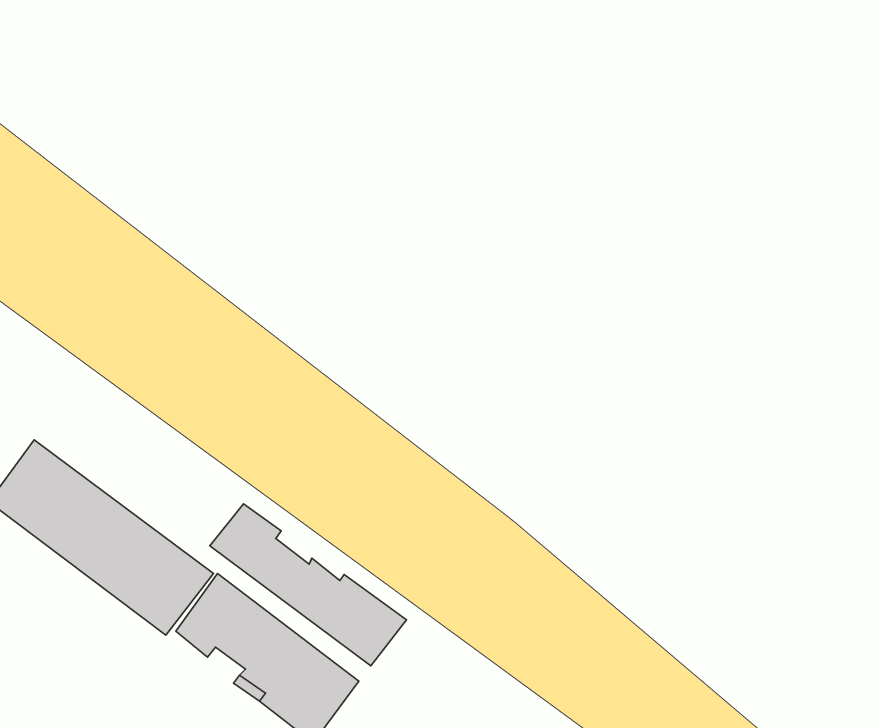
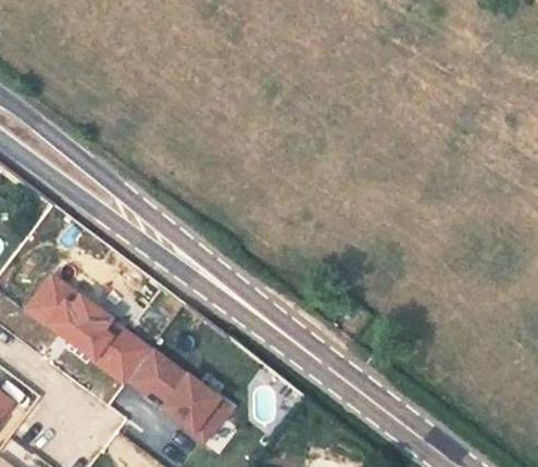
building: [210,504,406,666] -> none

